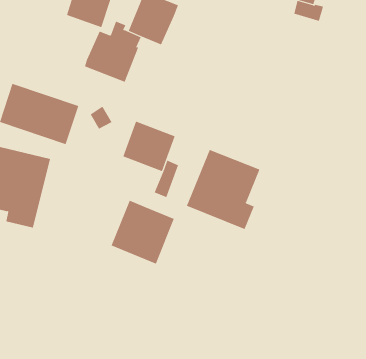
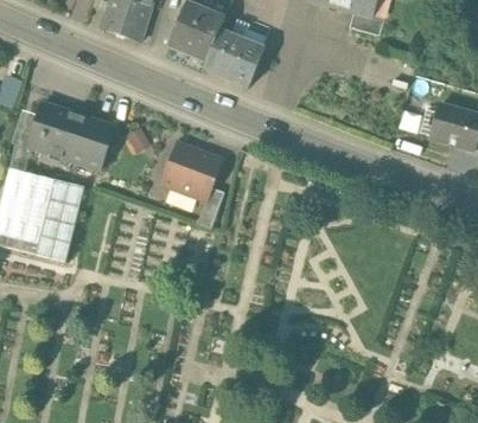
building: [84,21,141,83] -> [203,18,266,85]
building: [186,149,260,230] -> none
building: [111,200,175,265] -> none

